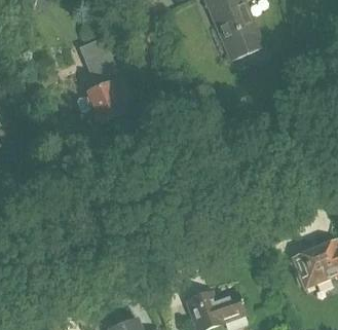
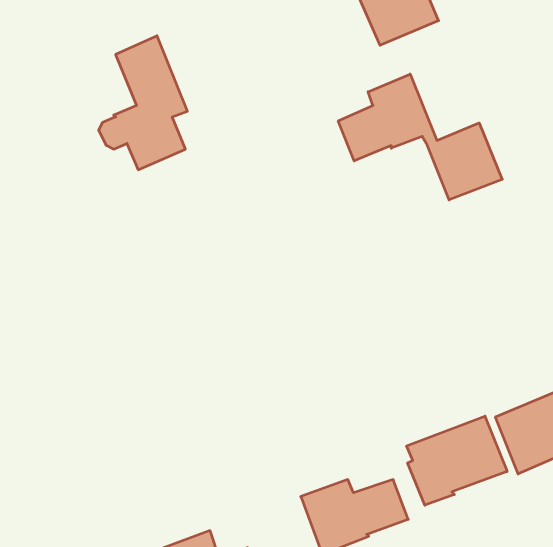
building: none -> [338,74,502,200]
building: none -> [407,416,507,505]

